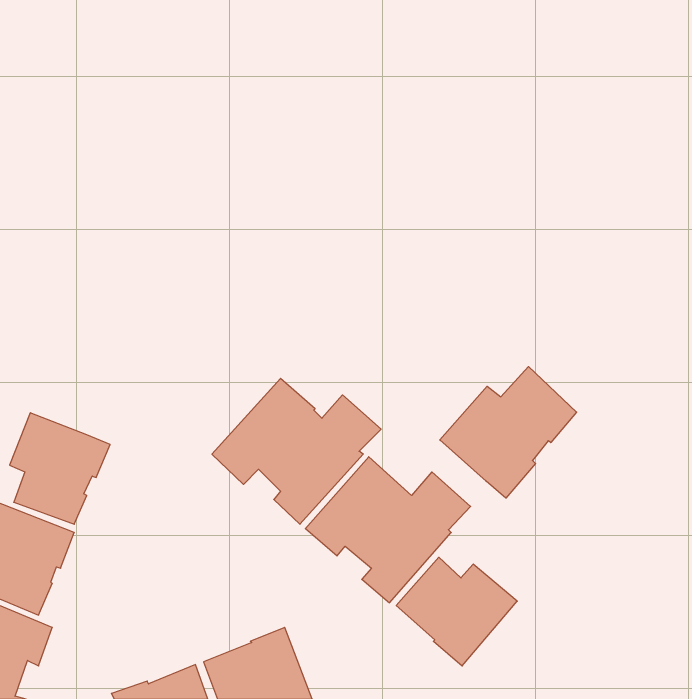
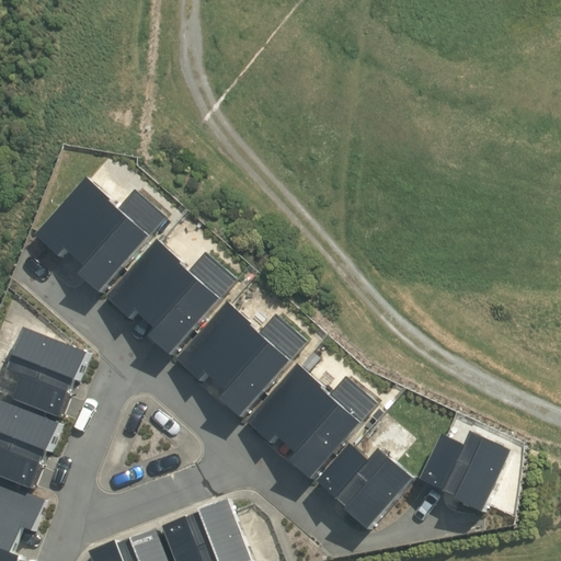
building: none -> [32,178,163,293]
building: none -> [102,239,234,356]
building: [440,367,577,498] -> none
building: none -> [419,433,513,513]

